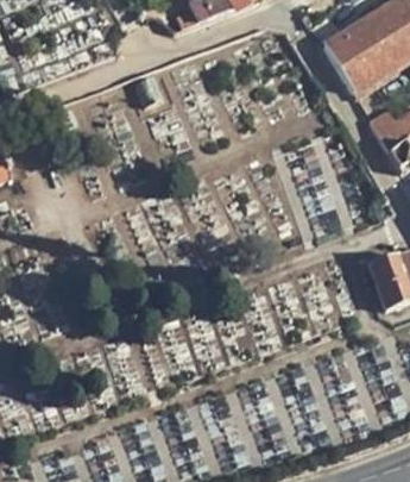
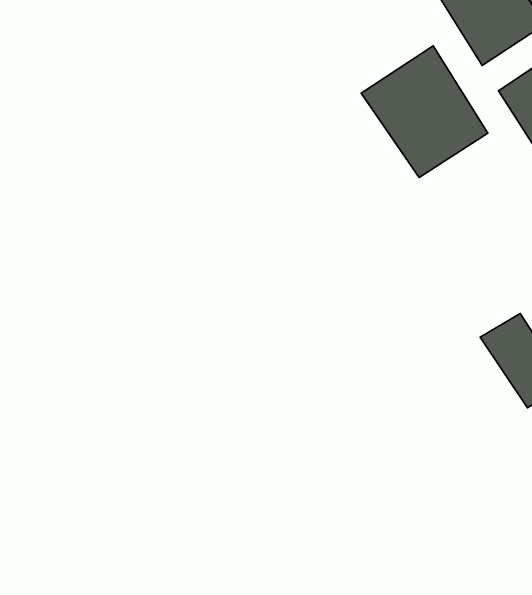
building: none -> [361,46,488,177]

